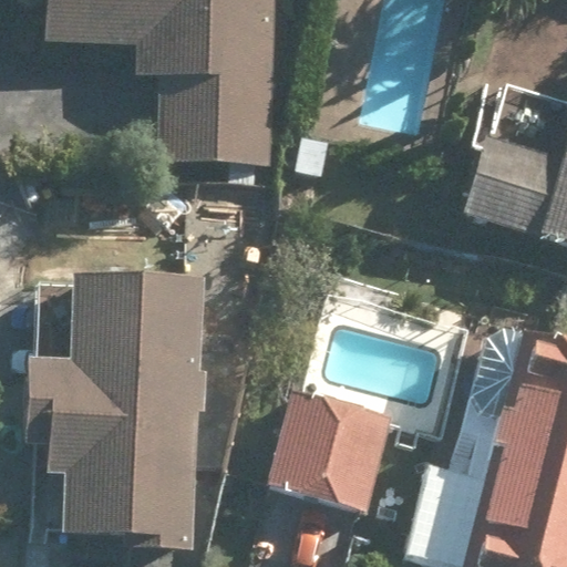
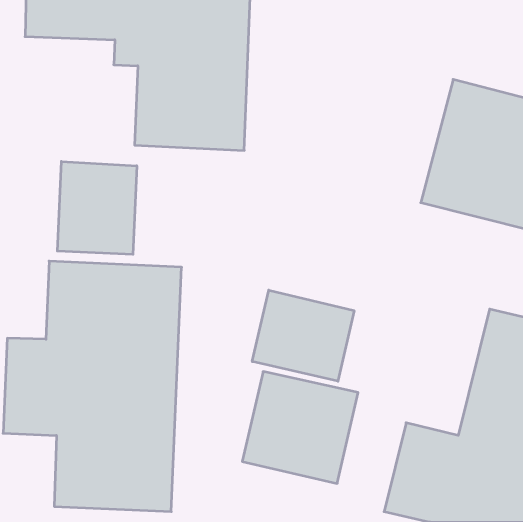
building: none -> [57,161,137,254]
building: none -> [252,290,354,381]

